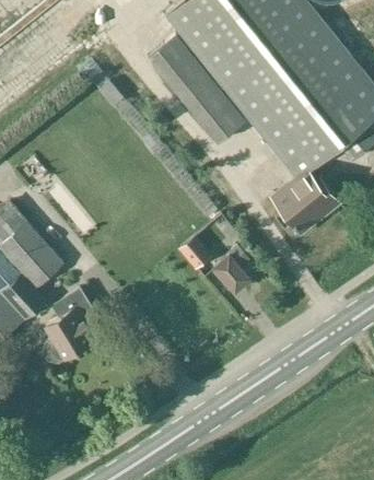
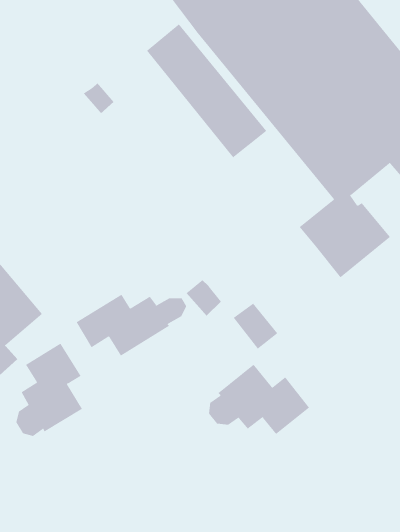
building: none -> [76,294,187,357]
building: none -> [209,364,310,435]

